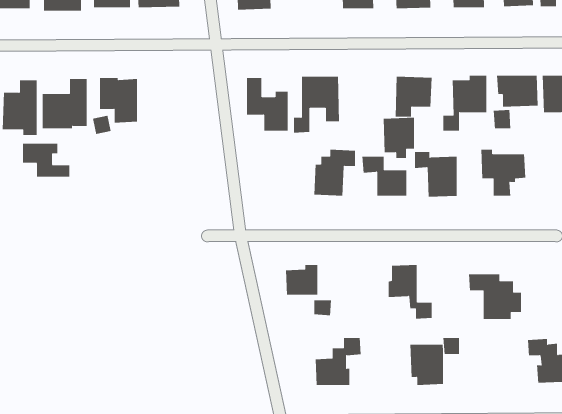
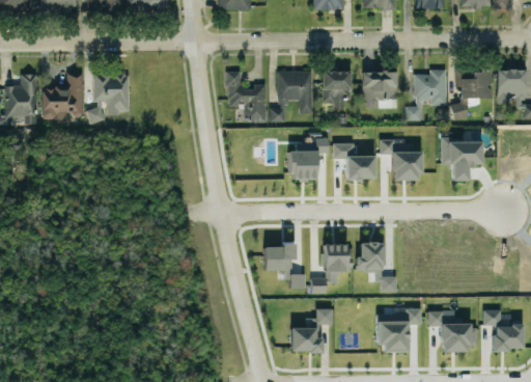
building: [383,117,415,158] -> [322,71,351,108]
building: [22,143,70,178] -> none
building: none -> [311,244,351,293]
building: [468,274,522,320] -> [427,310,476,352]

